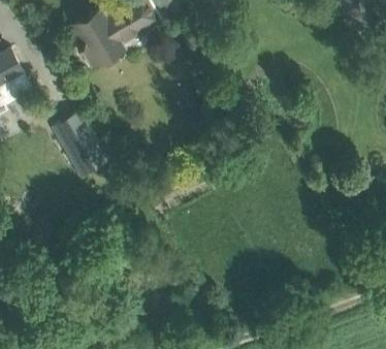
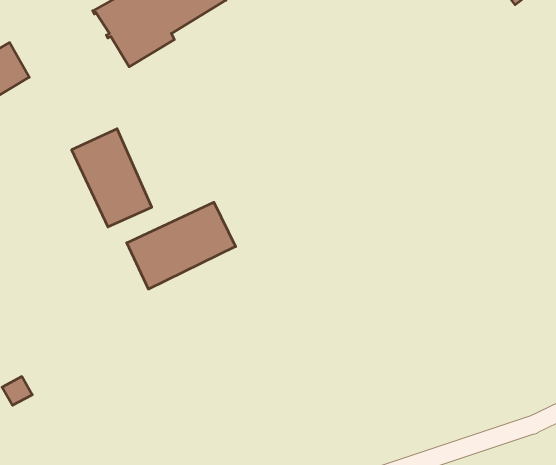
building: none -> [127,202,236,289]

